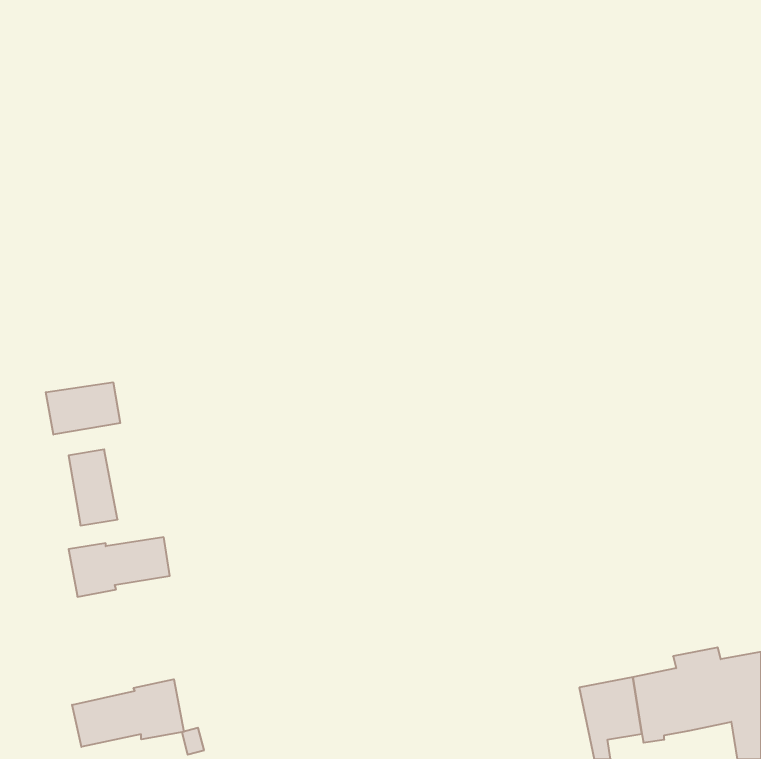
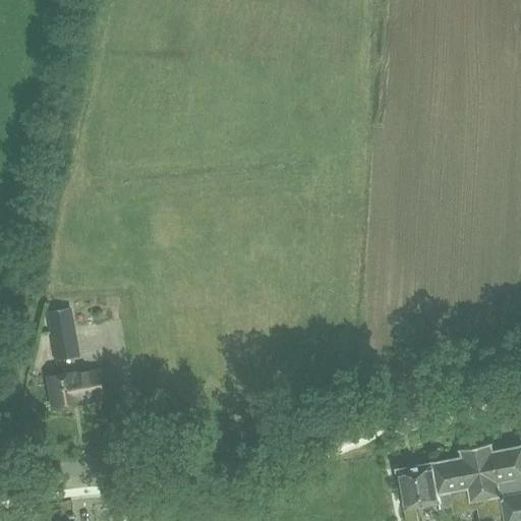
building: [46,382,120,435] -> none
building: [72,679,184,747] -> none

